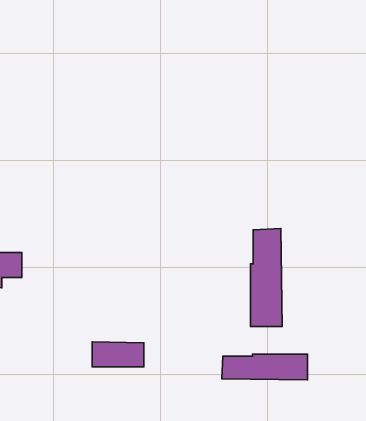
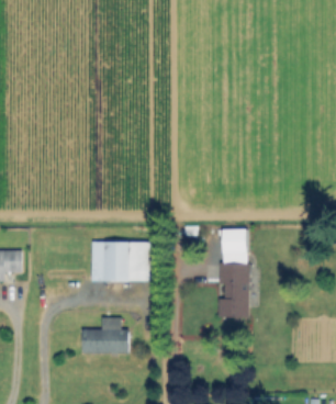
building: none -> [92,243,152,280]
building: [222,354,307,380] -> none

